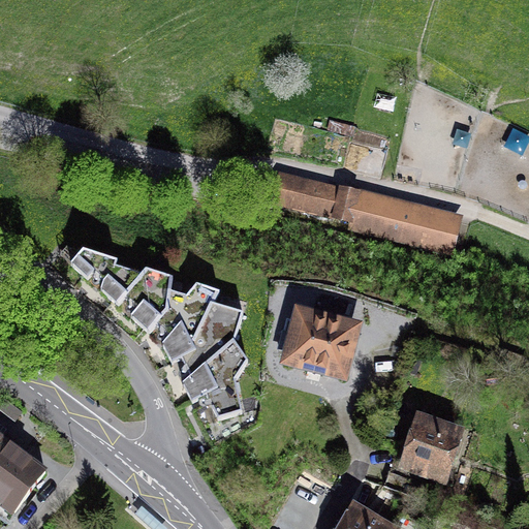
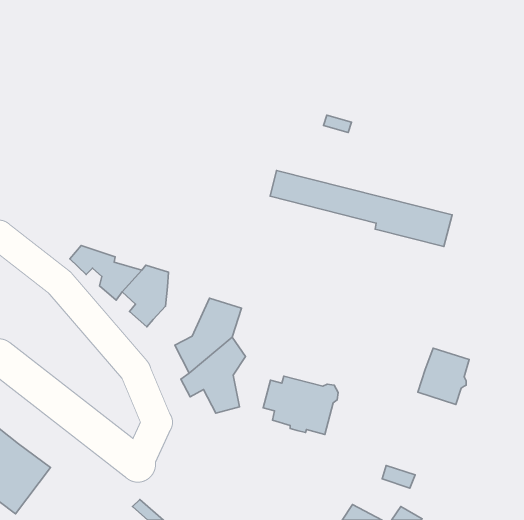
building: [154,282,216,351] -> none
building: [279,312,354,371] -> [263,376,338,435]
building: [404,417,456,474] -> [418,348,469,405]

